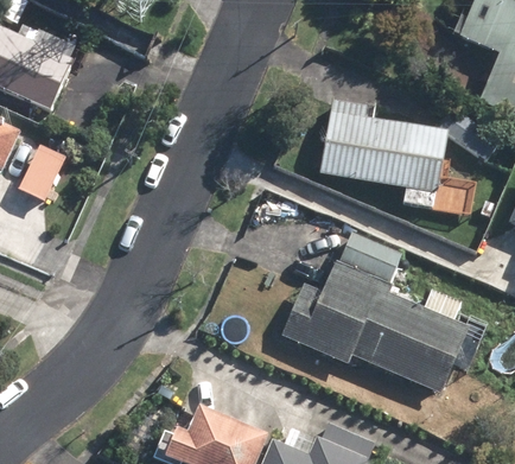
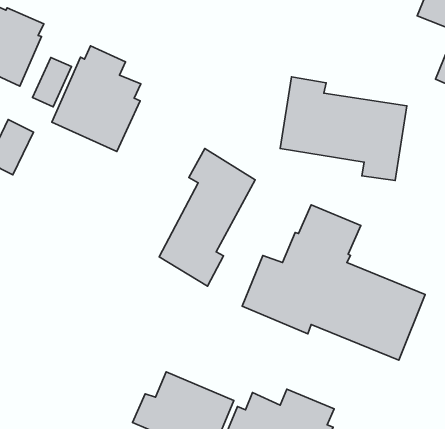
building: none -> [52,46,141,152]
building: none -> [159,149,255,286]

